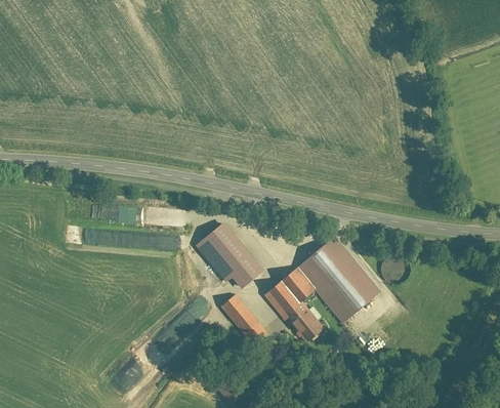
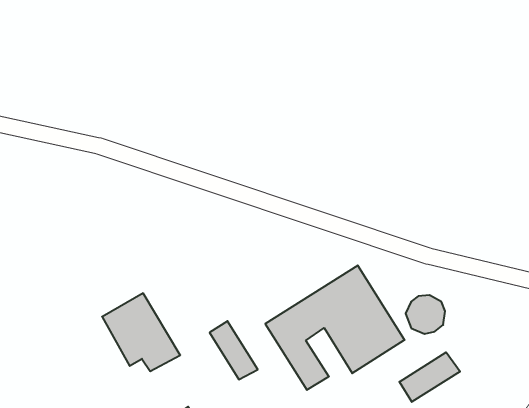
building: [196,222,263,285] -> [102,293,180,371]
building: none -> [399,352,460,402]

